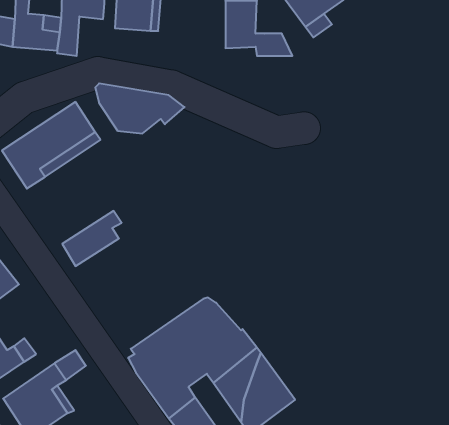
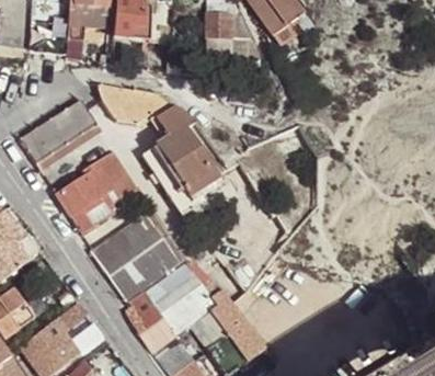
building: none -> [142,101,221,213]
building: none -> [56,149,137,215]
building: none -> [91,206,185,299]

